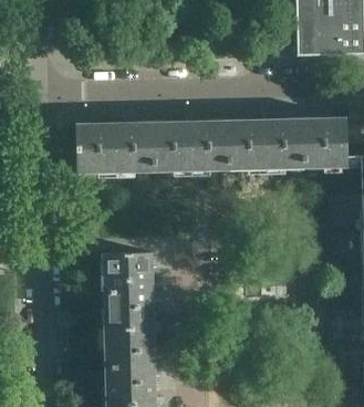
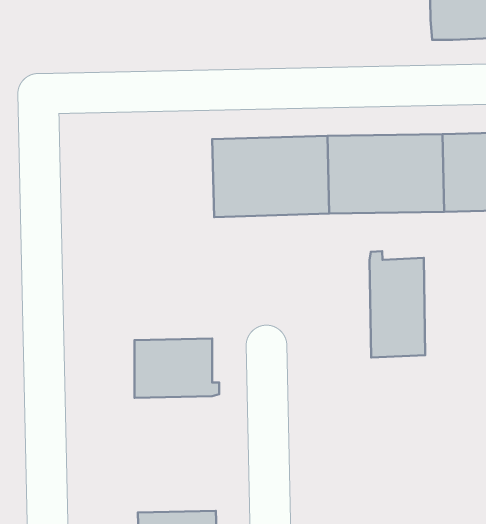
building: [77,121,155,173] -> none
building: none -> [370,251,425,358]
building: [103,289,156,365] -> none

